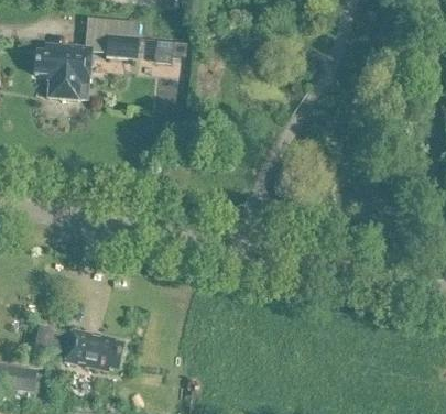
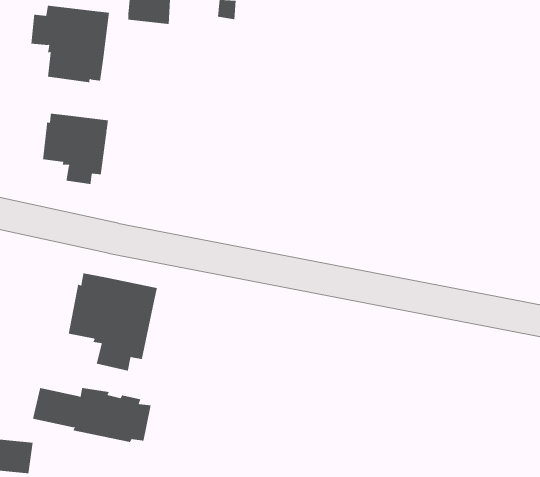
building: none -> [43,113,108,185]
building: none -> [68,273,157,372]

